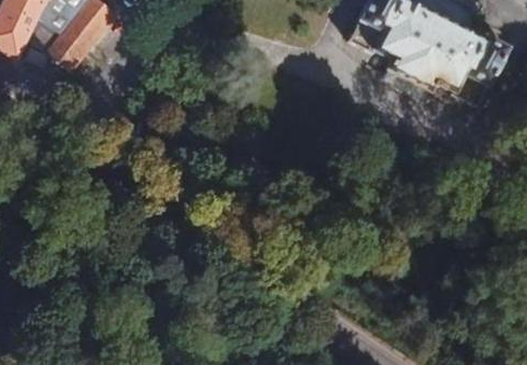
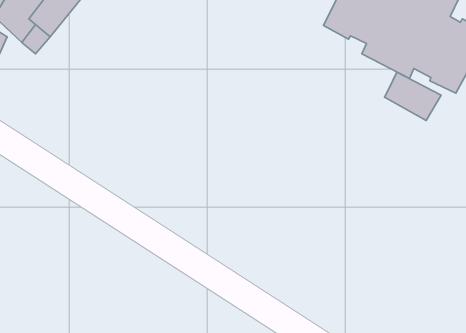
building: none -> [384,72,441,120]

